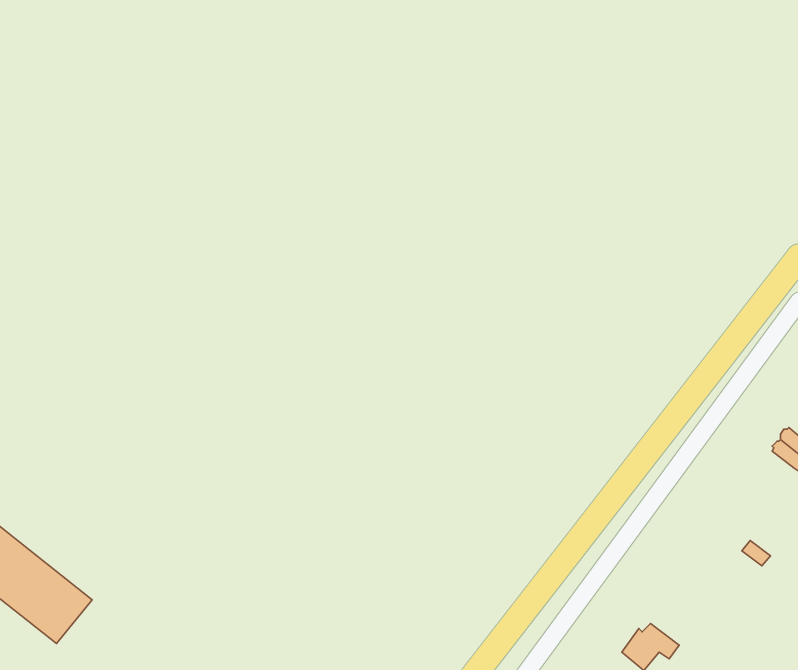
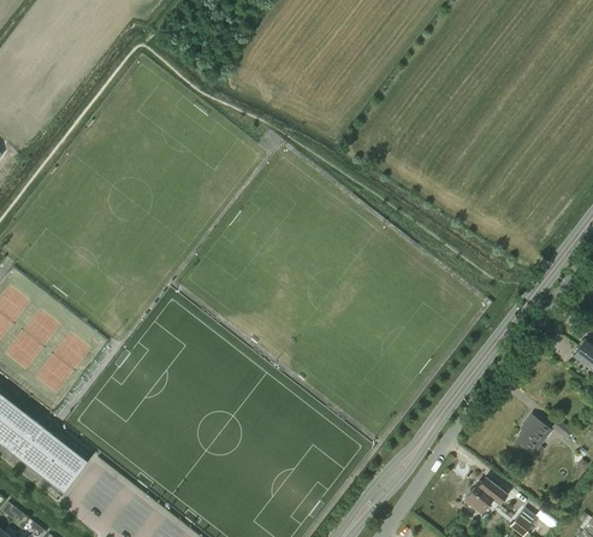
building: none -> [516,414,551,456]

